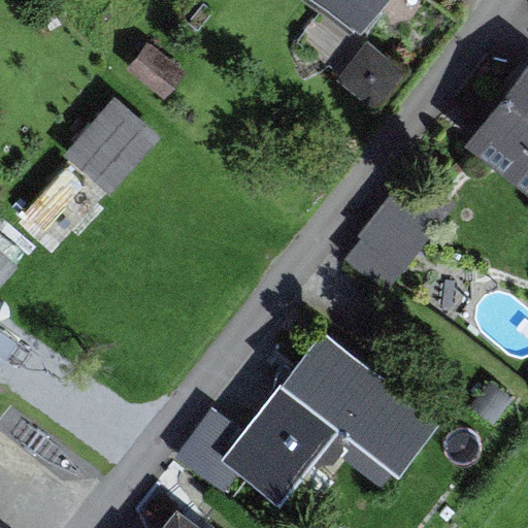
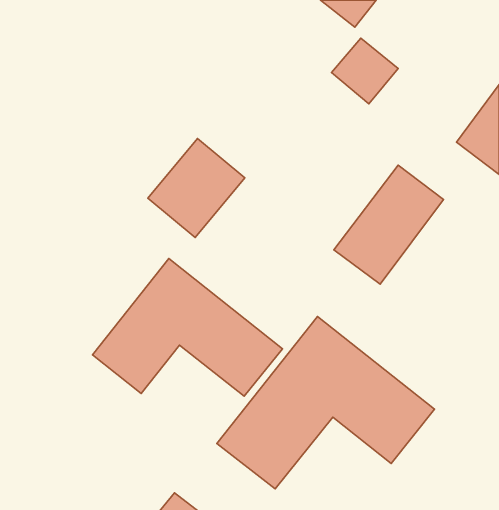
building: [52,94,151,195] -> [148,139,245,237]
building: none -> [92,258,283,396]

